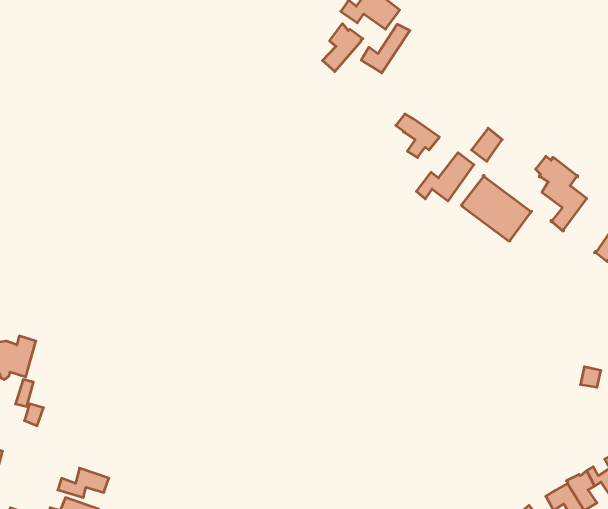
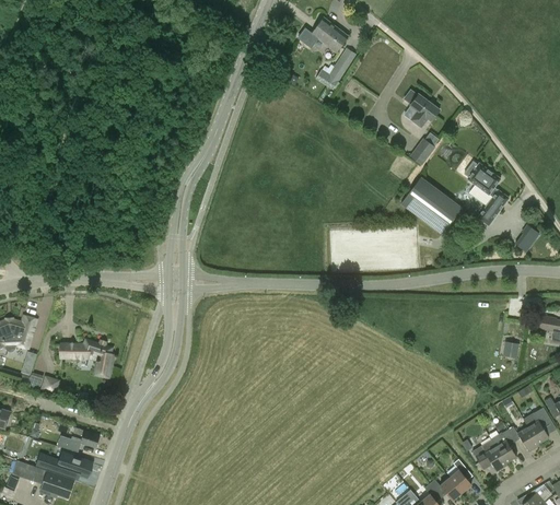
building: [322,24,363,72] -> none
building: [396,114,439,158] -> [402,90,440,127]
building: [416,153,474,201] -> none
building: none -> [60,340,114,378]

